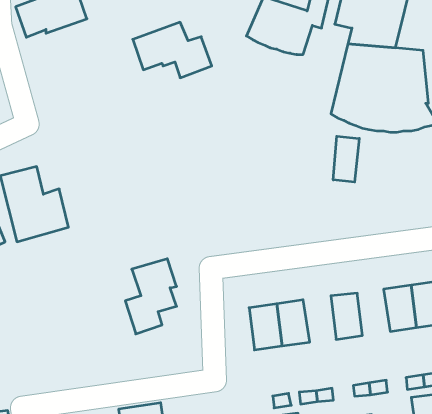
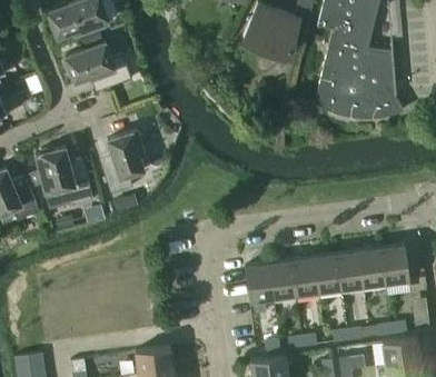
building: [133,22,212,78] -> [65,42,131,89]
building: [333,136,359,182] -> none
building: [125,259,177,334] -> [101,130,145,194]
building: none -> [336,250,364,289]
building: none -> [290,256,318,295]

